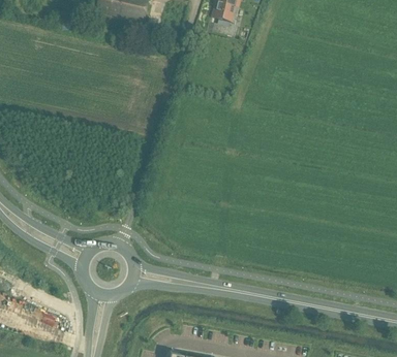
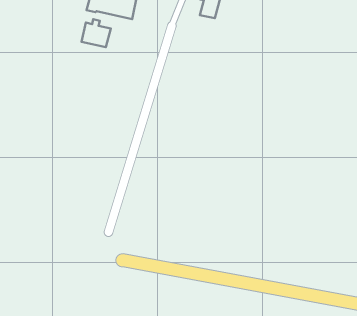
building: none -> [81,19,111,47]

